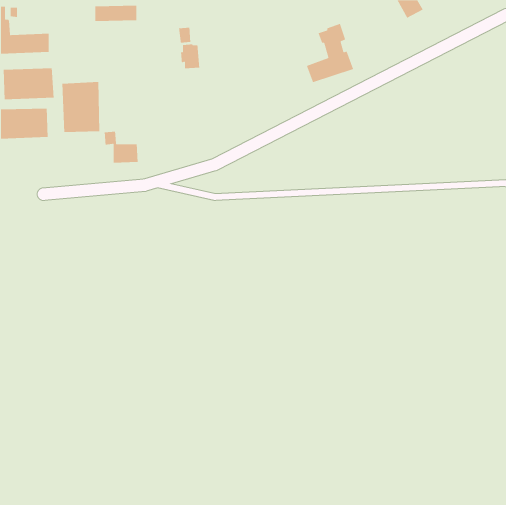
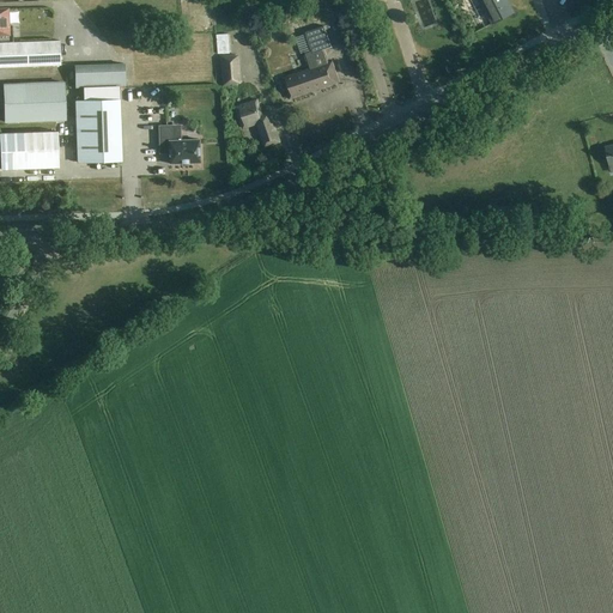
building: [95,5,137,22] -> [77,66,128,86]
building: [306,23,354,83] -> [281,25,340,98]
building: none -> [235,98,279,146]
building: [104,131,138,163] -> [158,123,200,163]

